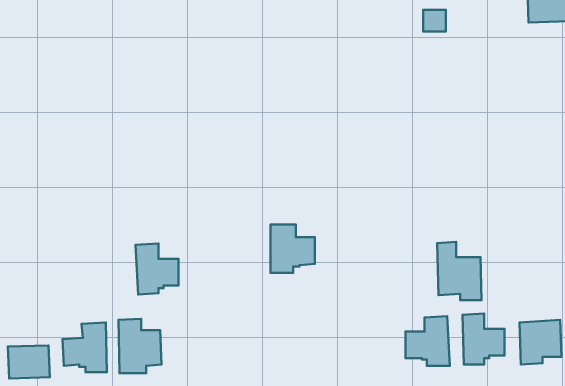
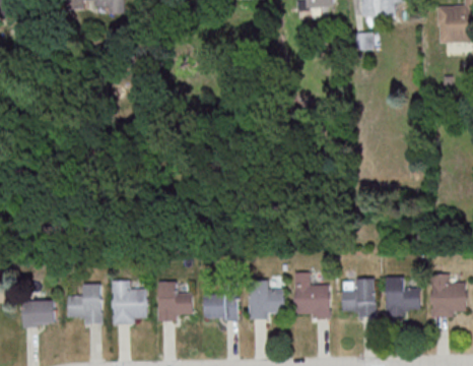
building: [270,225,315,273] -> [248,279,283,317]
building: [437,242,482,300] -> [293,271,329,318]
building: [135,244,179,294] -> [156,280,191,320]
building: none -> [205,292,238,320]

